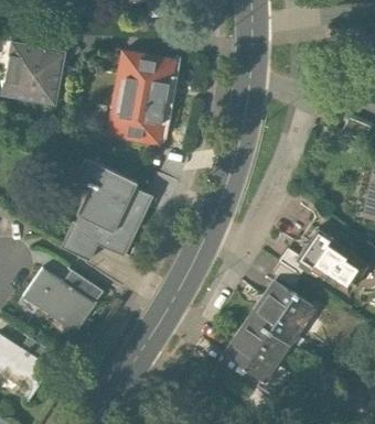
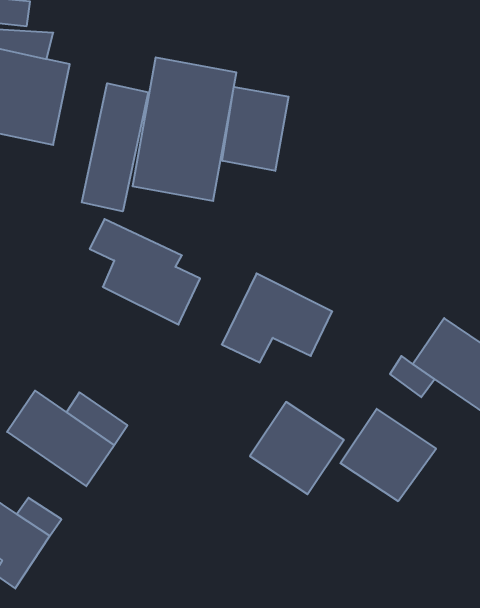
building: none -> [82,83,148,211]
building: none -> [222,87,289,171]
building: [64,202,138,261] -> [222,273,332,363]
building: [222,319,285,381] -> [250,402,344,494]

